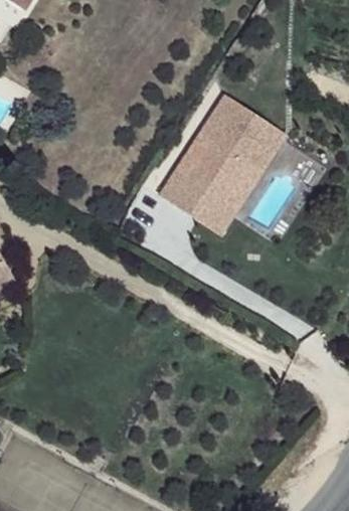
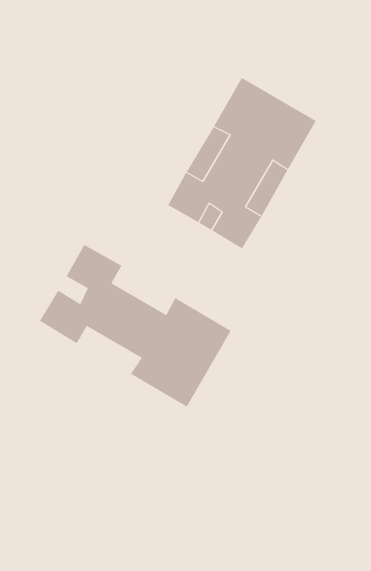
building: none -> [39,244,231,407]

